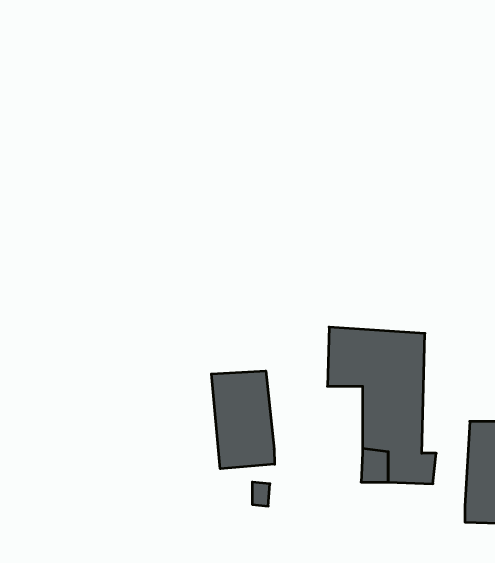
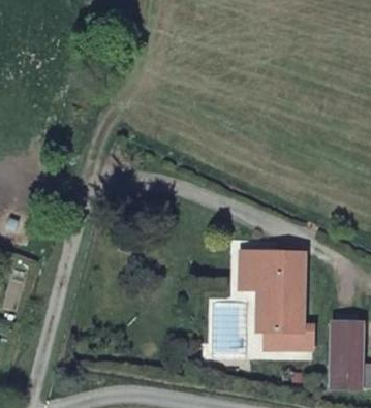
building: [211,371,275,469] -> none

